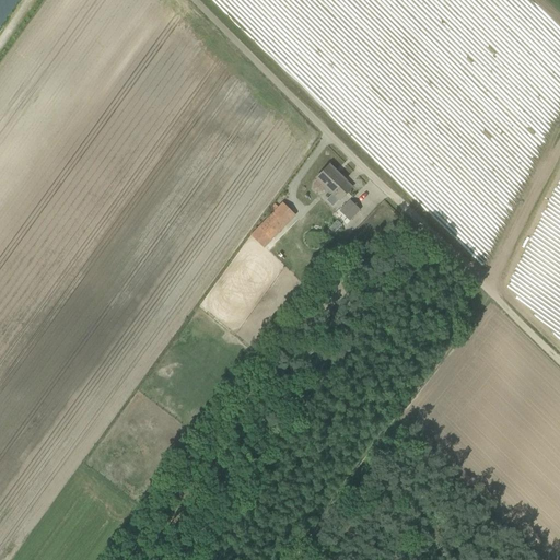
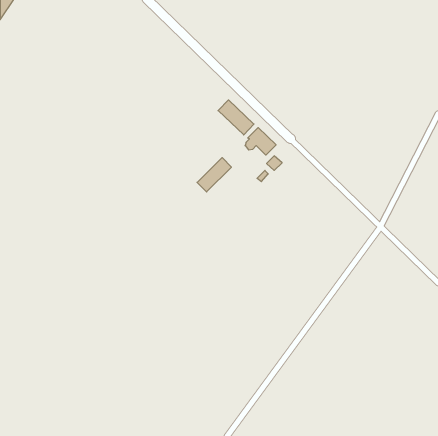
building: none -> [218,100,254,135]

